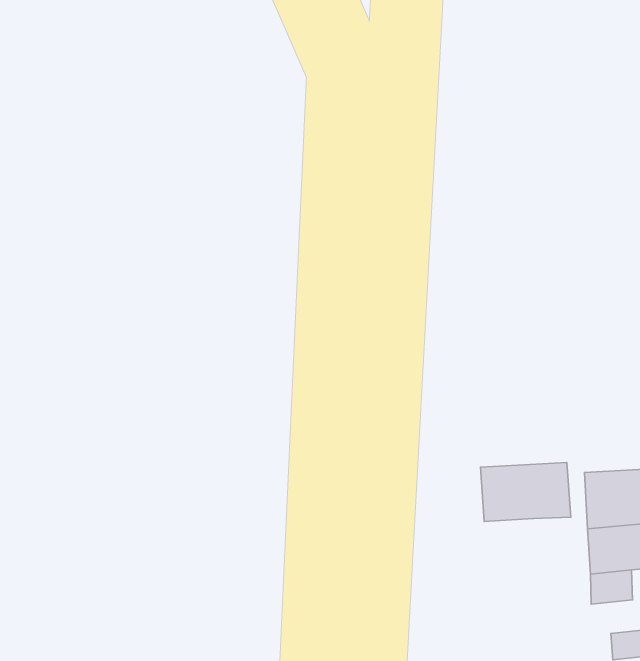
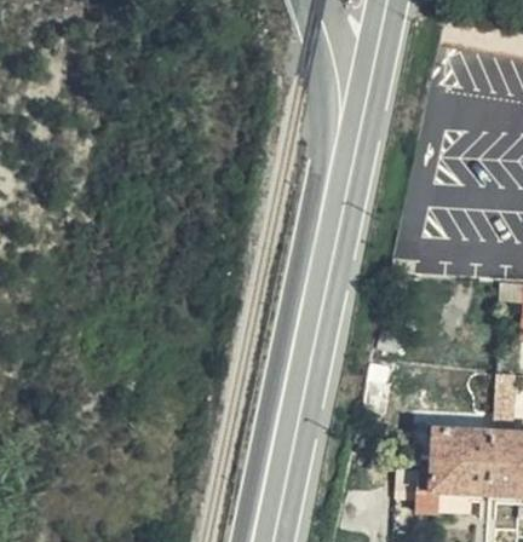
building: [480,463,571,522] -> none

